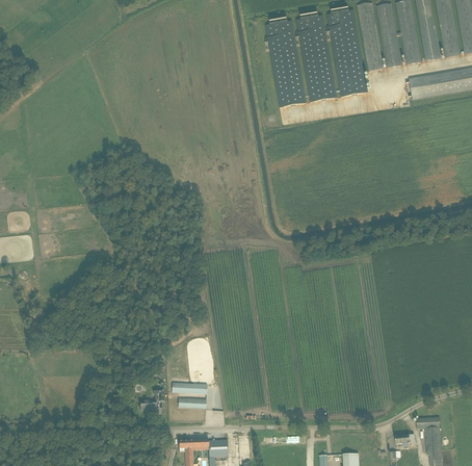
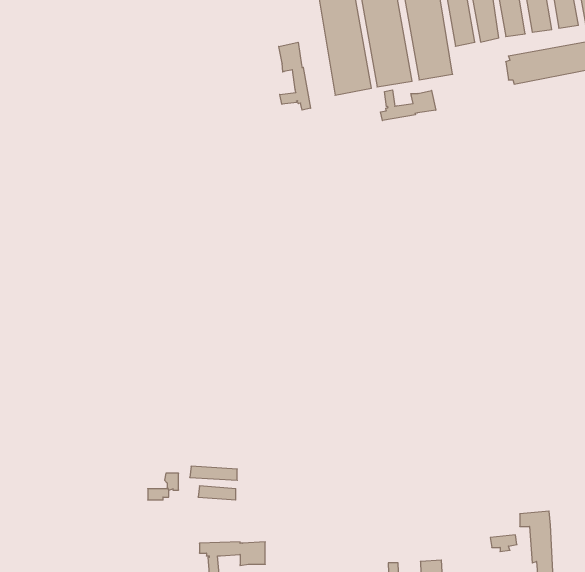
building: none -> [279,42,311,110]
building: none -> [381,90,436,121]

